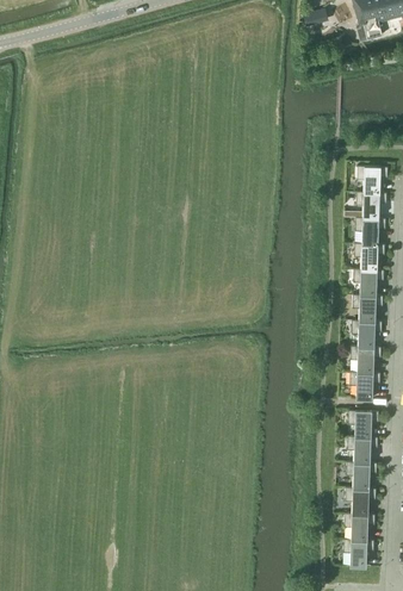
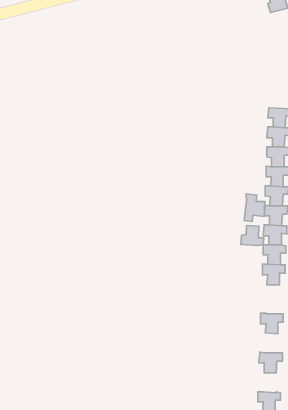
building: none -> [244,194,265,221]
building: none -> [241,226,264,246]
building: [349,411,379,437] -> none
building: [347,462,378,489] -> none
building: [345,514,376,541] -> none

